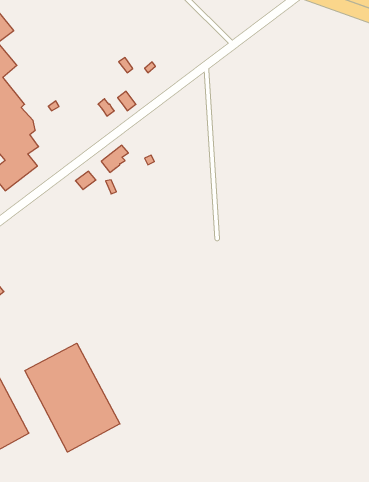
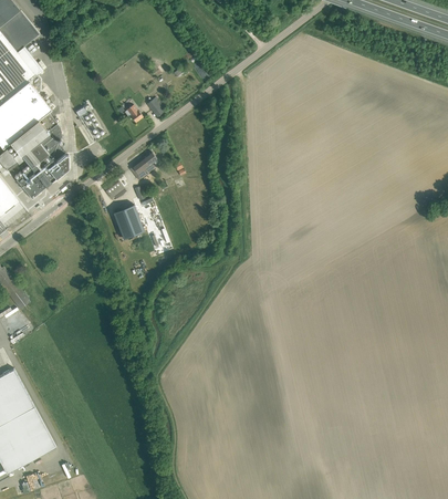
building: none -> [113,205,144,240]
building: [25,343,120,452] -> none

